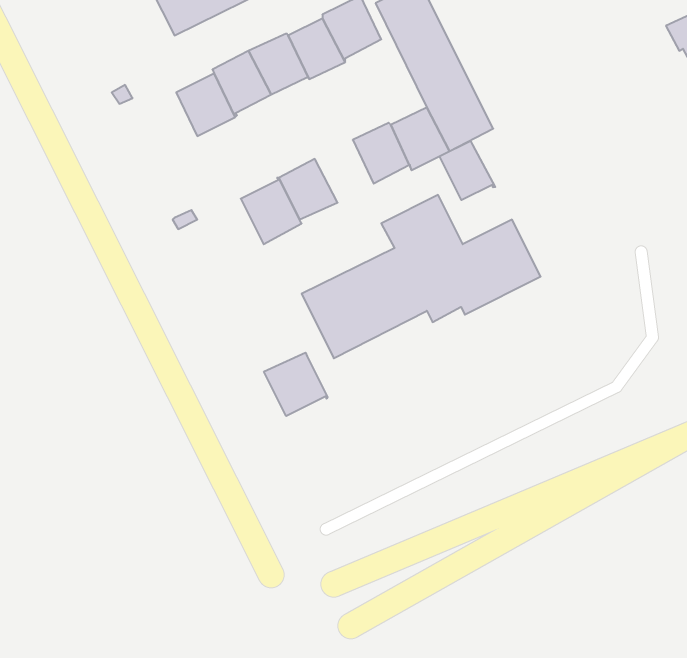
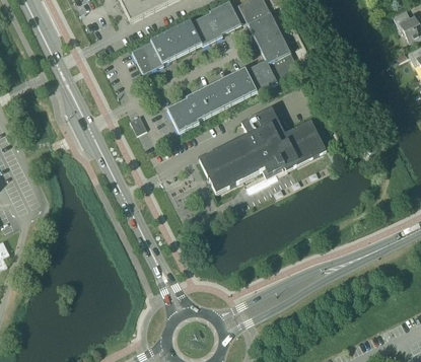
building: none -> [205,77,236,111]
building: [440,141,495,200] -> none
building: [264,353,328,416] -> none

